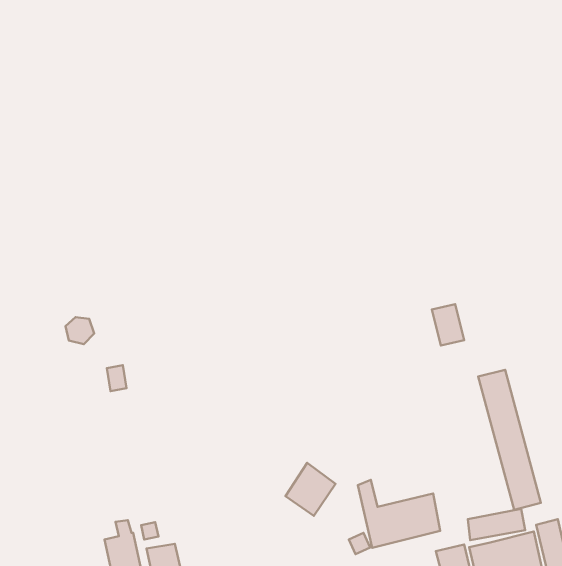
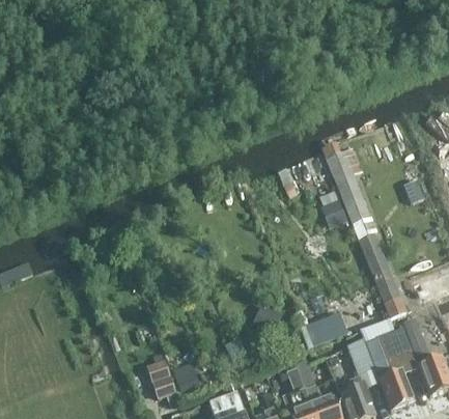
building: none -> [322,140,370,224]

